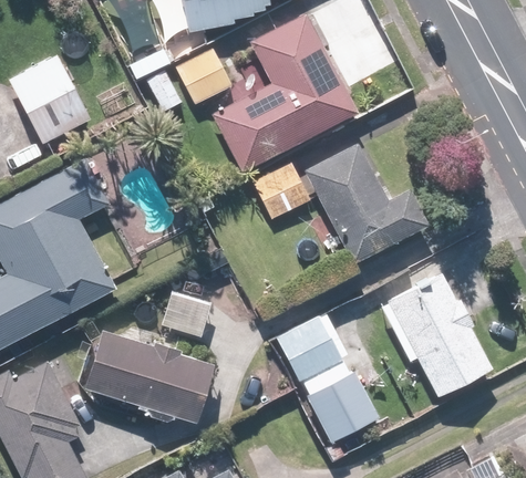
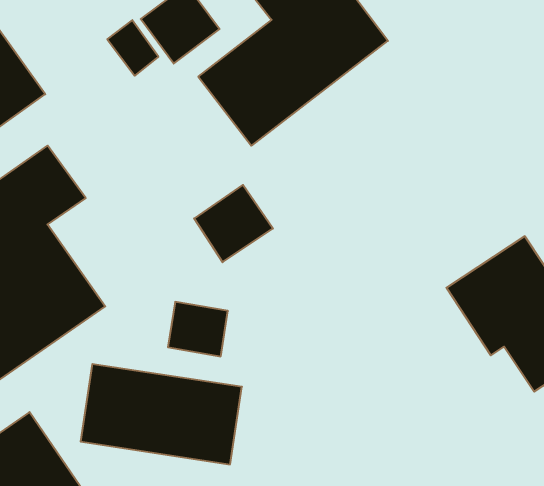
building: [303,141,430,264] -> none
building: [249,163,309,220] -> [194,185,273,262]
building: [275,313,379,443] -> none

